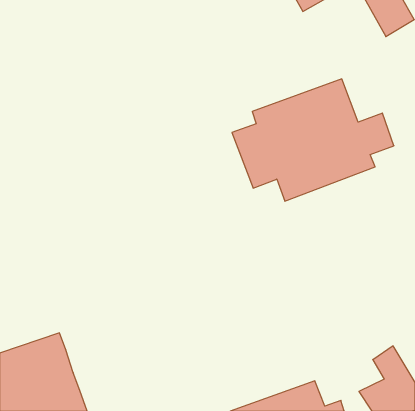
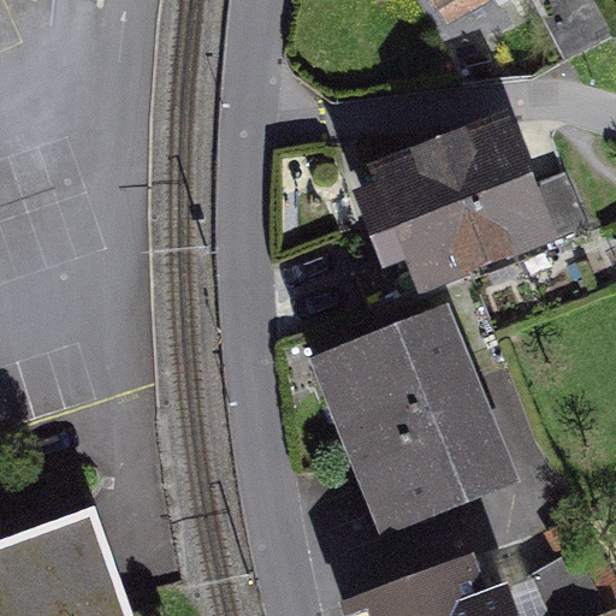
building: none -> [313,308,517,537]

